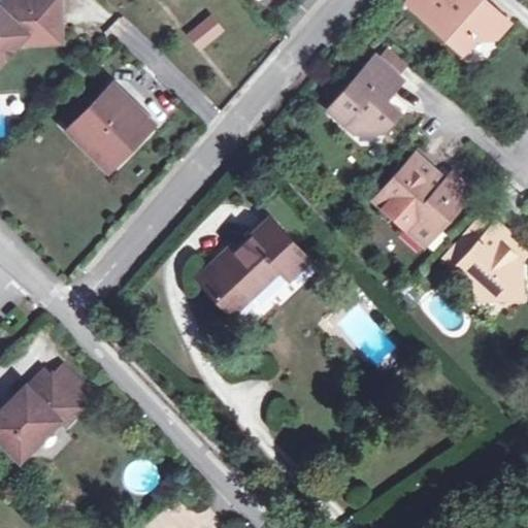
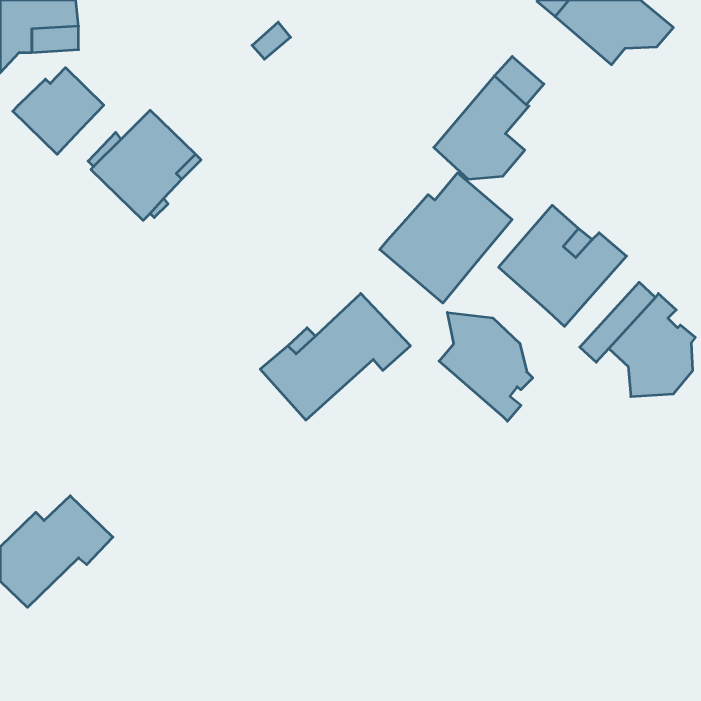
building: none -> [13,68,104,154]
building: none -> [380,173,512,303]
building: none -> [439,312,533,421]

